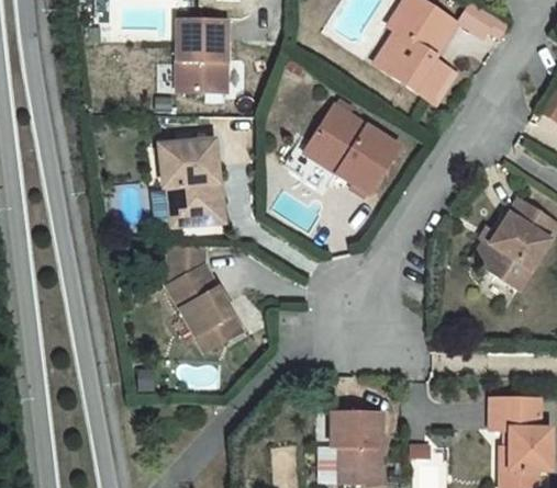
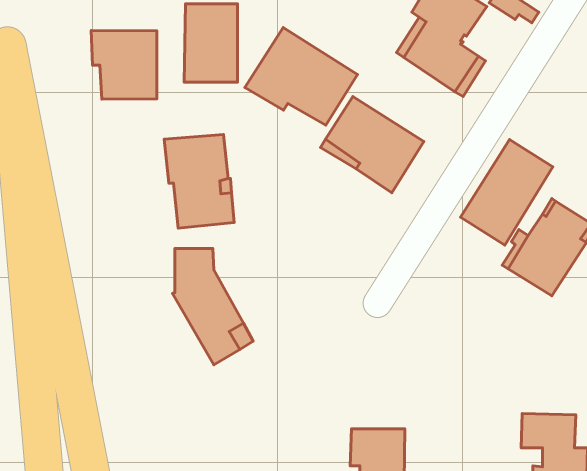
building: none -> [245,27,358,125]
building: none -> [91,31,157,99]
building: none -> [460,139,553,245]

